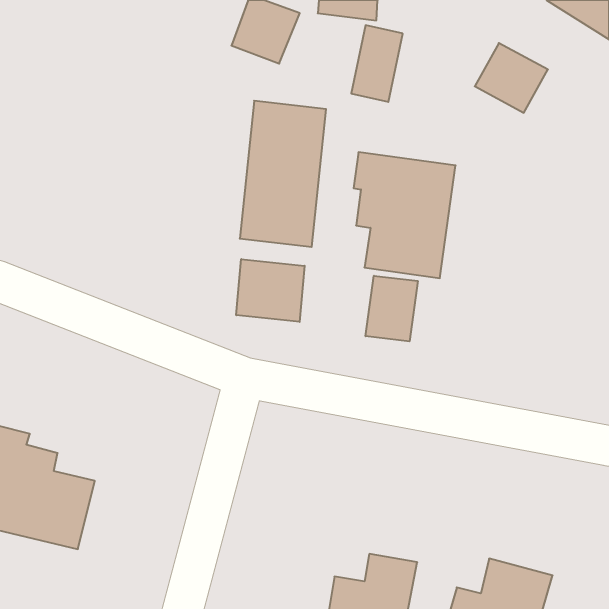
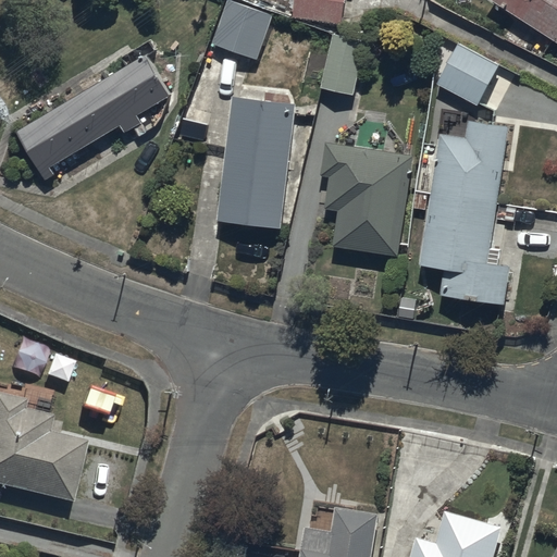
building: none -> [15,57,168,180]
building: none -> [420,120,508,304]
building: [236,259,305,322] -> none
building: [366,276,418,341] -> none

